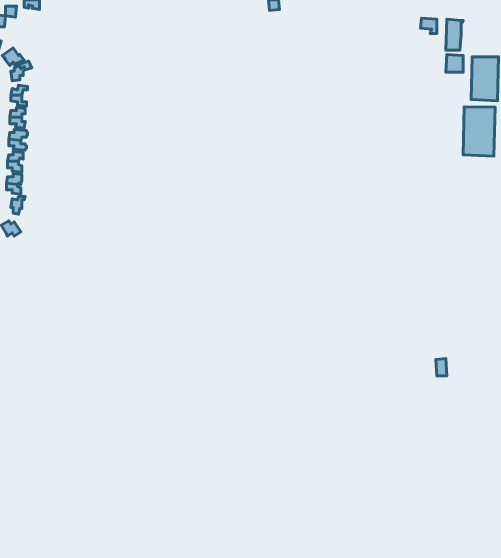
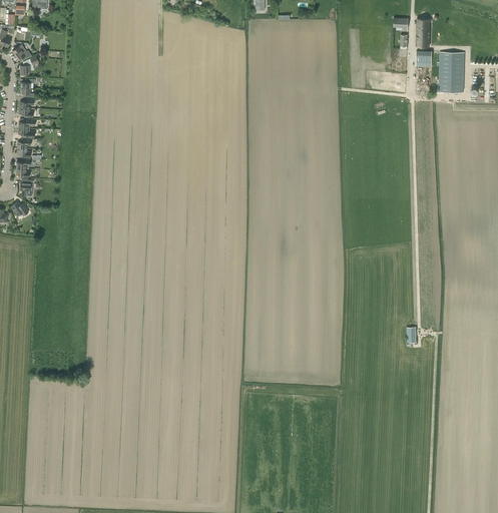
building: [463,107,495,156] -> none

